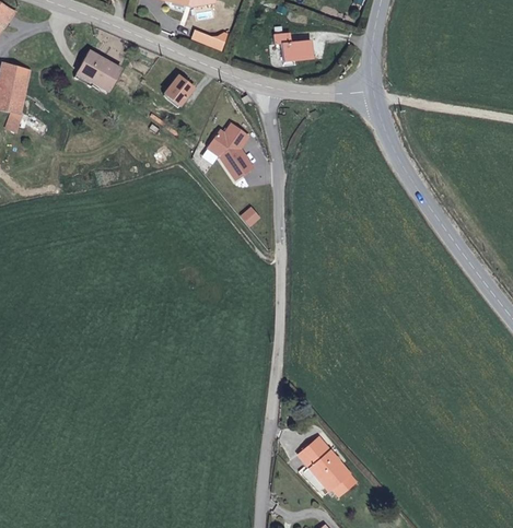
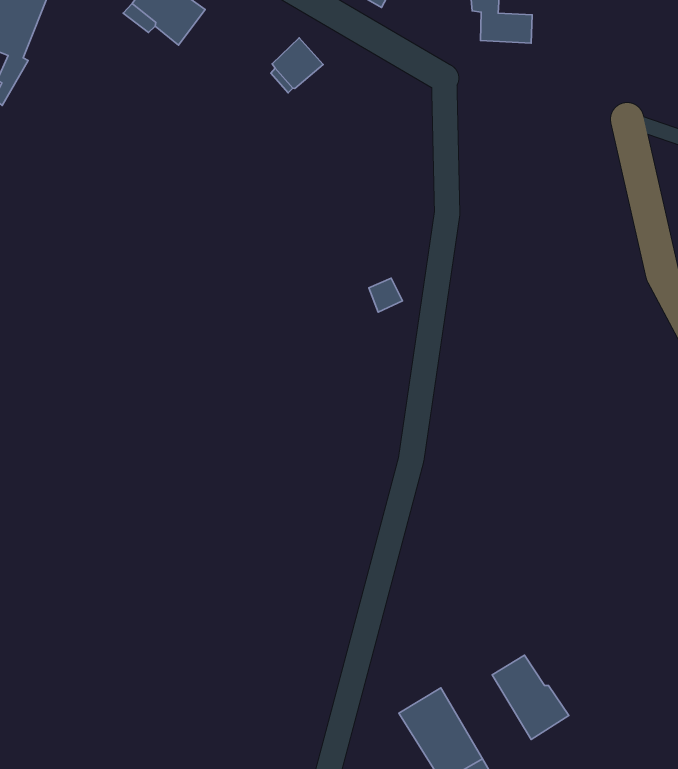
building: [210,122,254,177] -> none
building: none -> [492,655,569,739]

